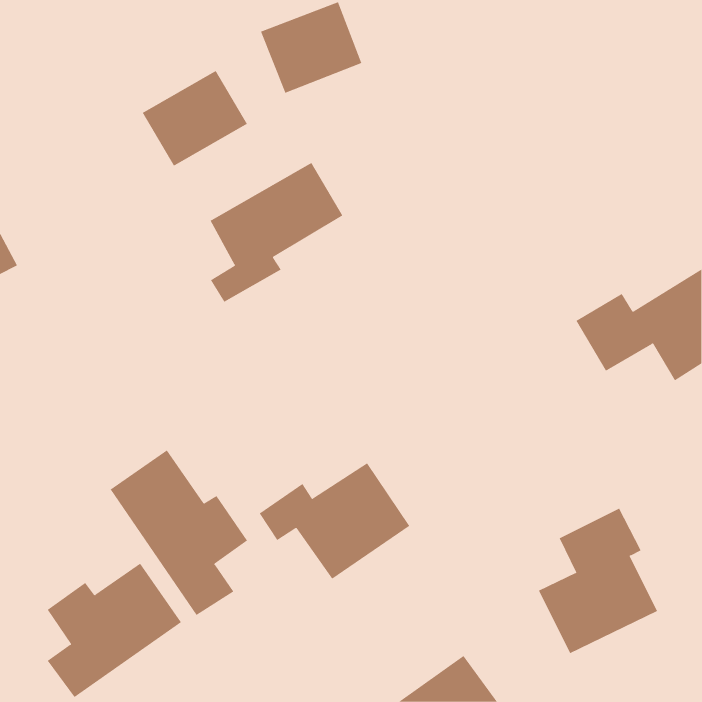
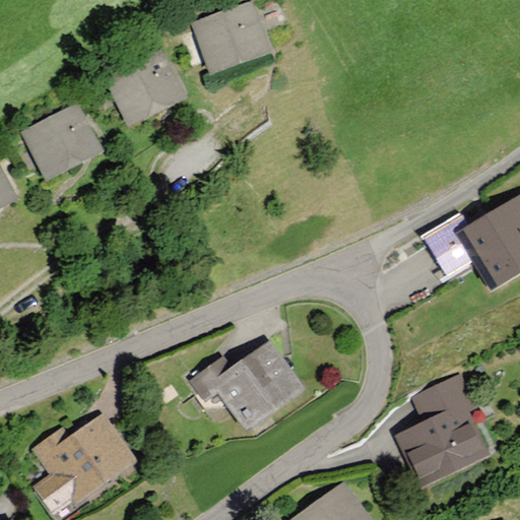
building: none -> [21,105,100,177]
building: [210,162,343,302] -> none
building: [110,449,248,616] -> none

